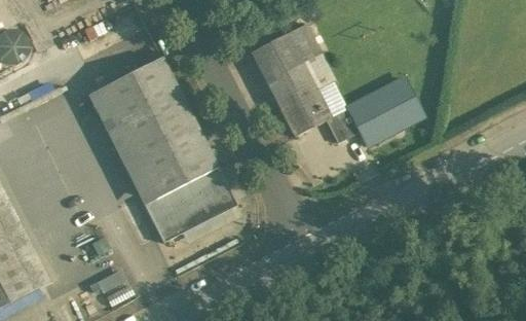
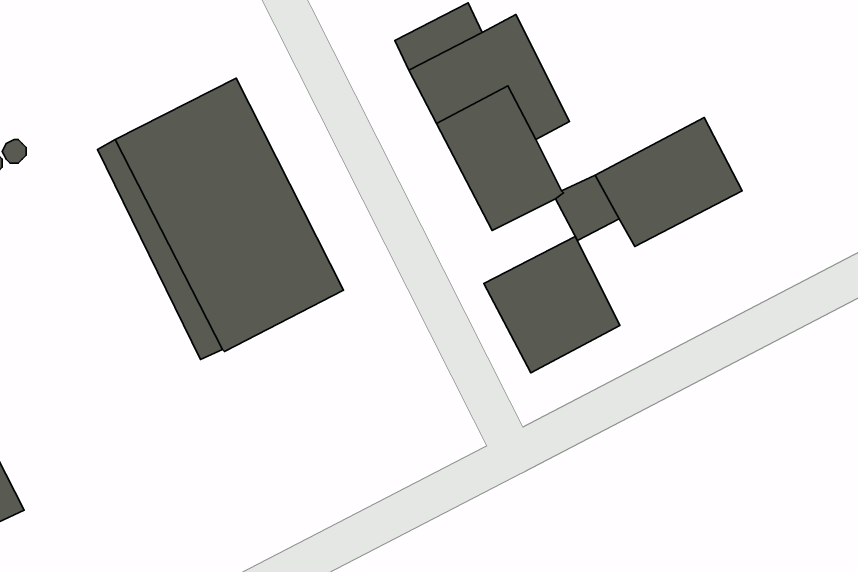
building: none -> [484,236,620,373]
building: [143,168,236,243] -> none

